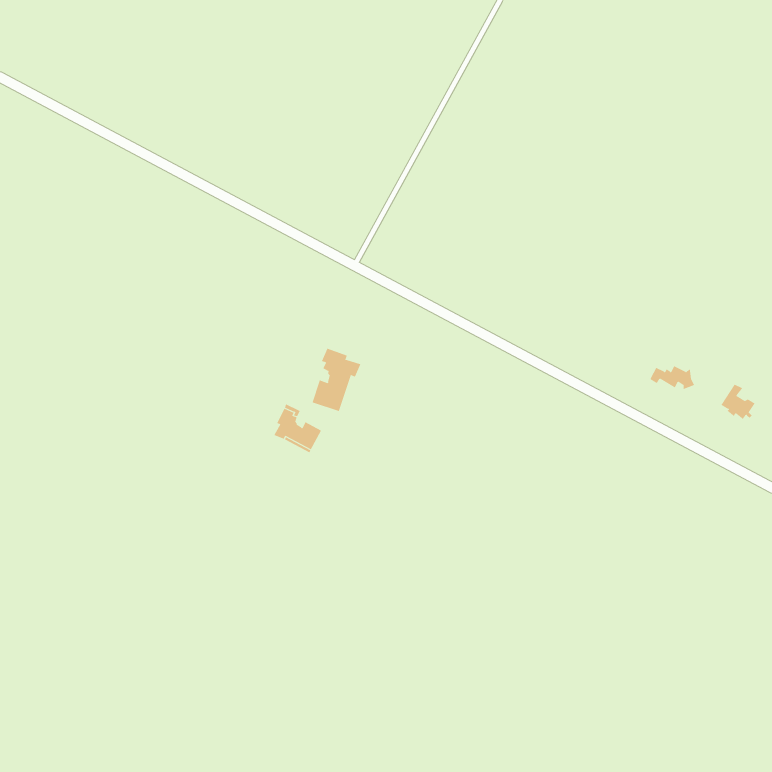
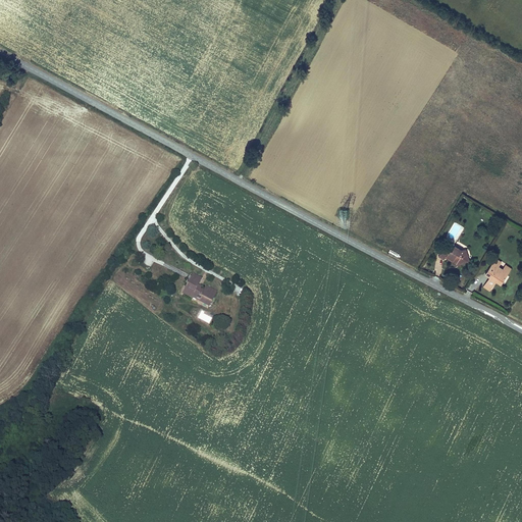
building: [312,348,361,412] -> none

